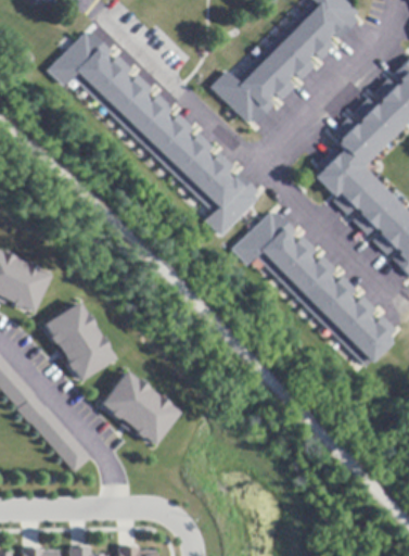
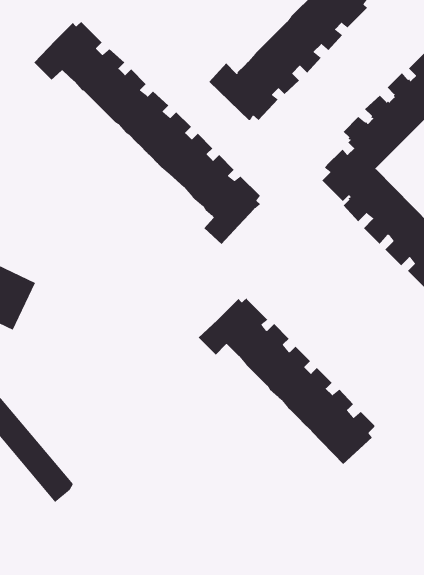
building: [234,213,396,366] -> [198,297,375,465]
building: [41,298,116,382] -> none
building: [97,367,182,447] -> none

